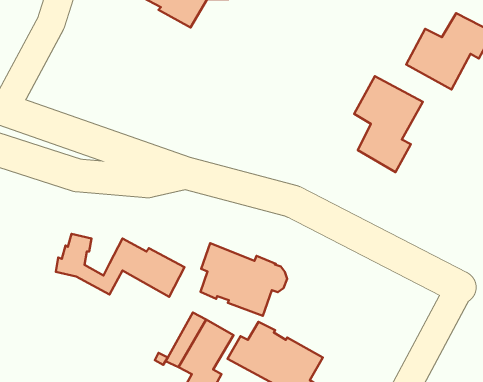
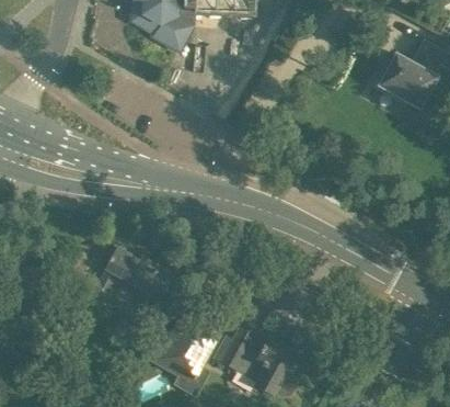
building: [354,76,423,172] -> none
building: [201,243,287,316] -> none

